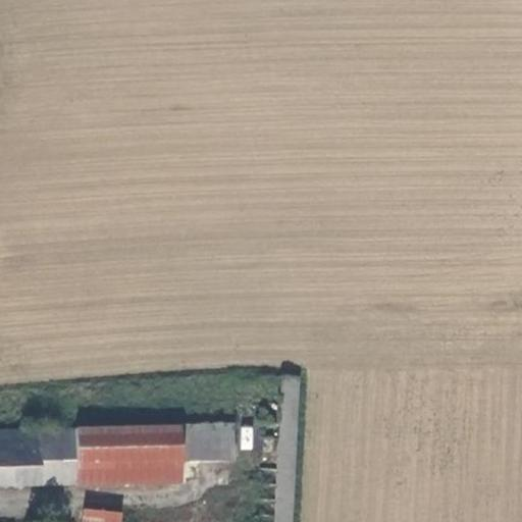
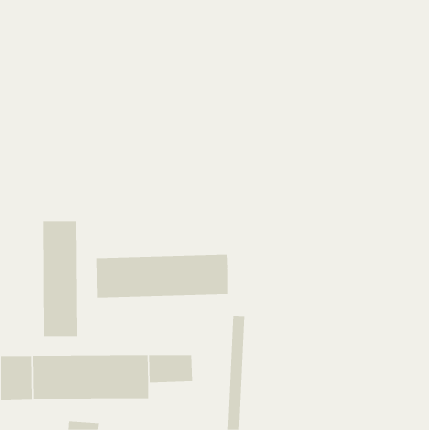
building: none -> [43,221,77,337]
building: none -> [96,254,228,299]

